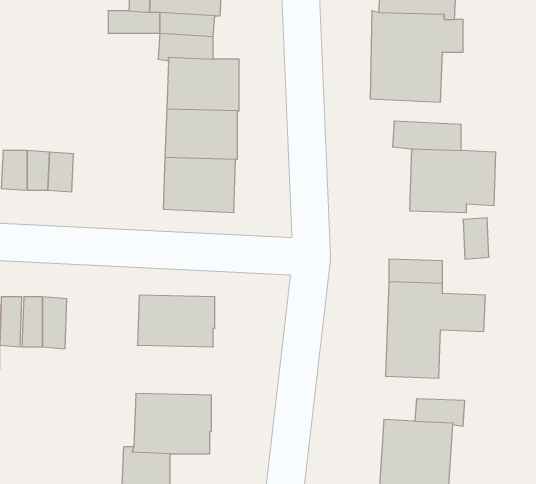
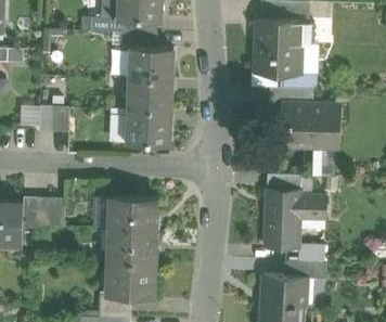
building: none -> [107,228,156,259]

